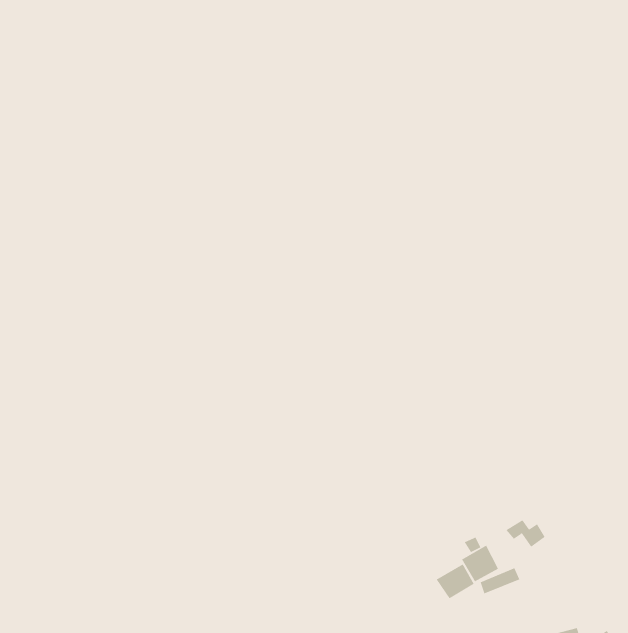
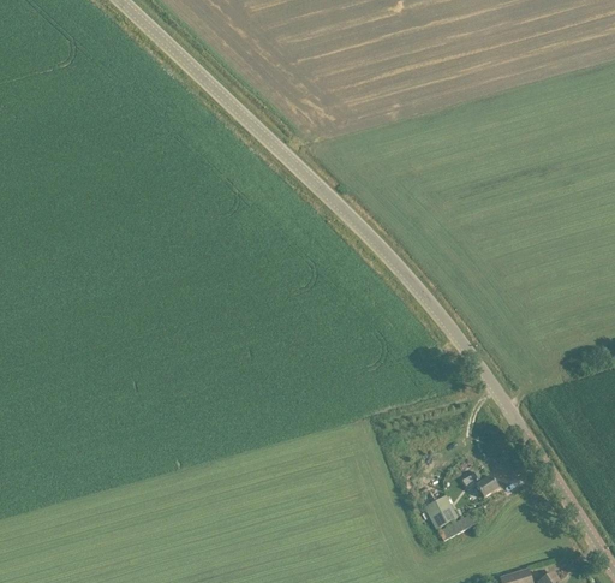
building: [436,564,475,599] -> none

